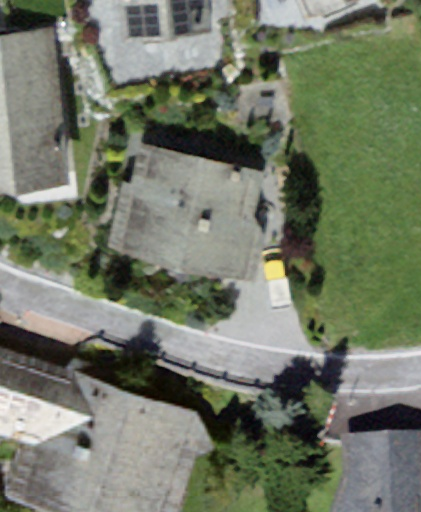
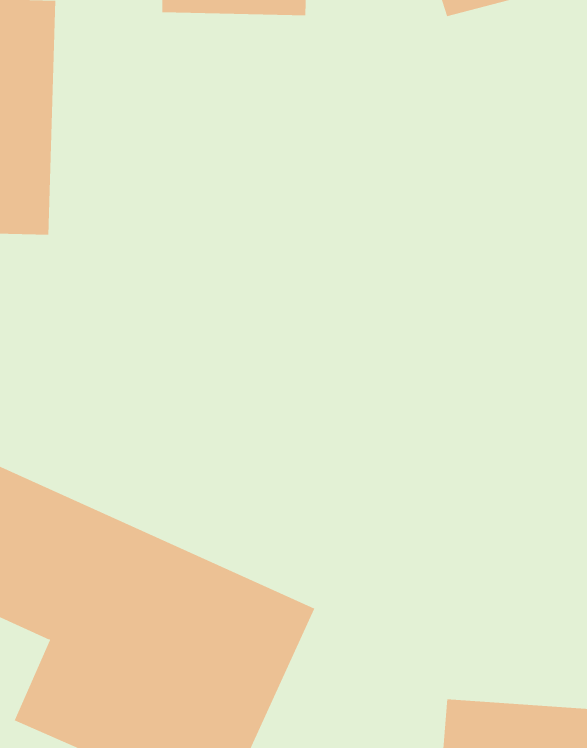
building: [113,152,258,281] -> none

